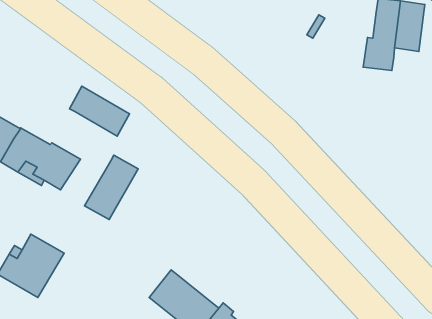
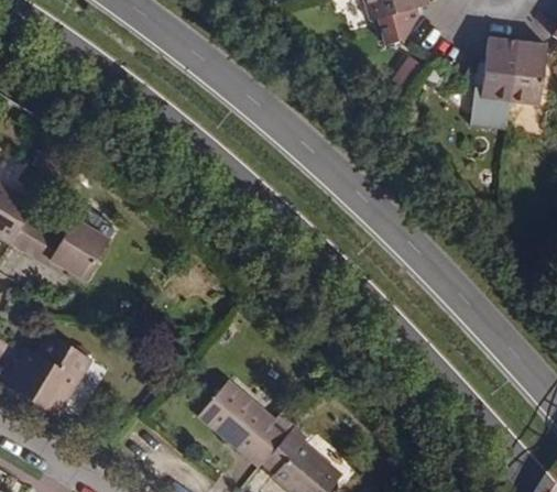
building: [69,86,130,136] -> none
building: [85,155,138,219] -> none

